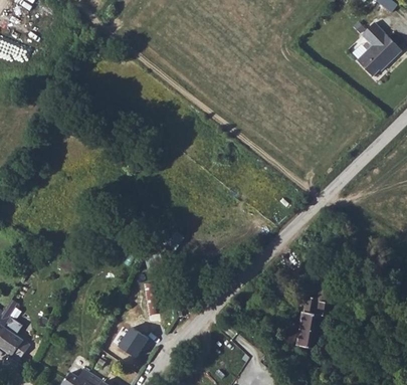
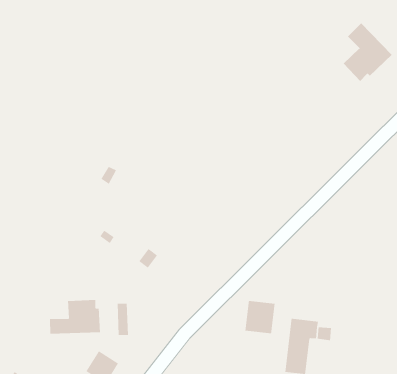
building: none -> [50,299,100,334]
building: none -> [245,300,275,334]

